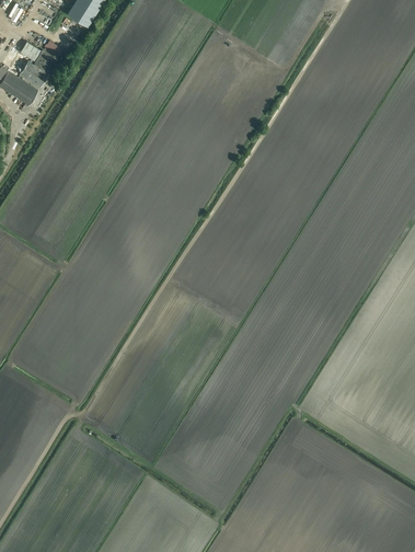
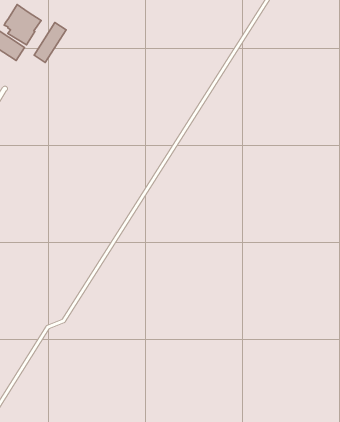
building: none -> [34,23,66,62]

